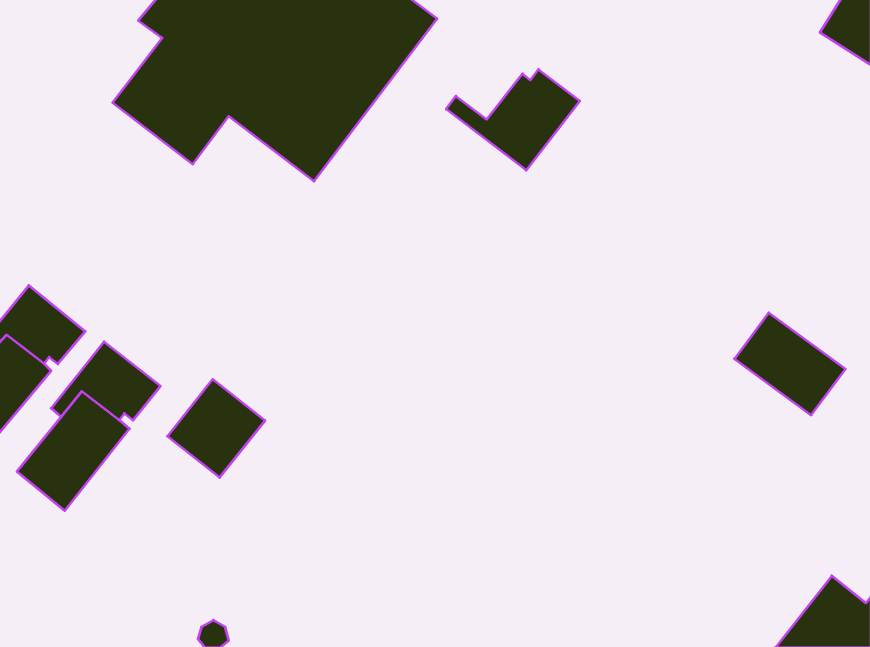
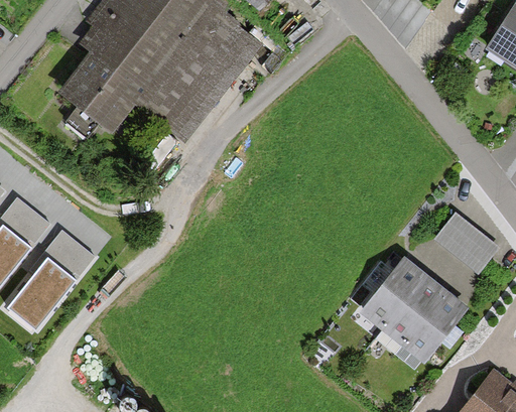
building: [446,69,580,170] -> none
building: [167,379,265,478] -> none
building: none -> [353,257,470,364]

